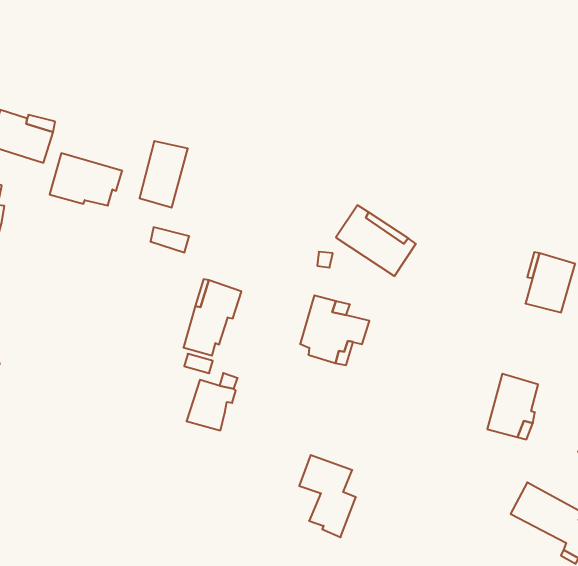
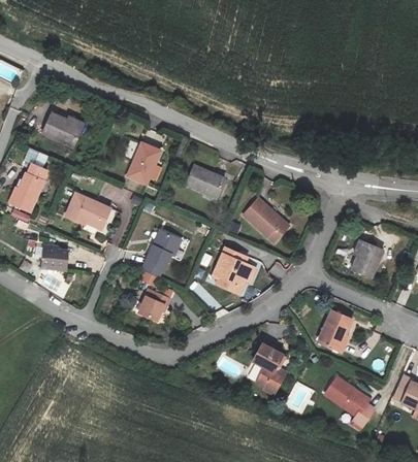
building: [50,153,122,206] -> [65,192,110,227]
building: none -> [185,164,225,198]
building: none -> [41,244,68,272]
building: [299,455,356,537] -> [253,342,286,394]

